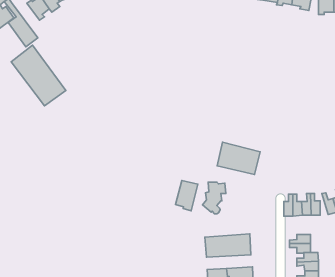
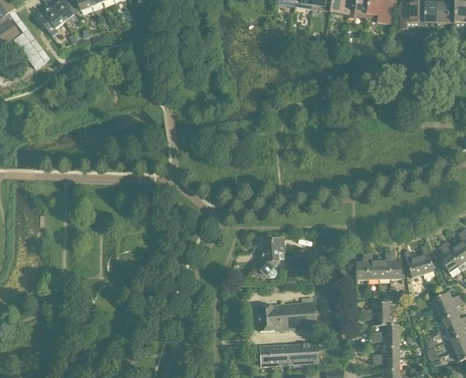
building: [11,45,66,106] -> none
building: [217,142,260,174] -> none
building: [176,180,198,211] -> none

